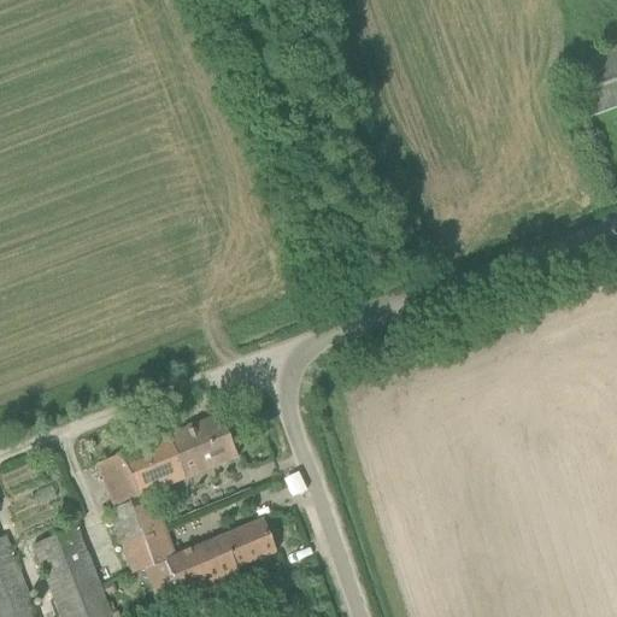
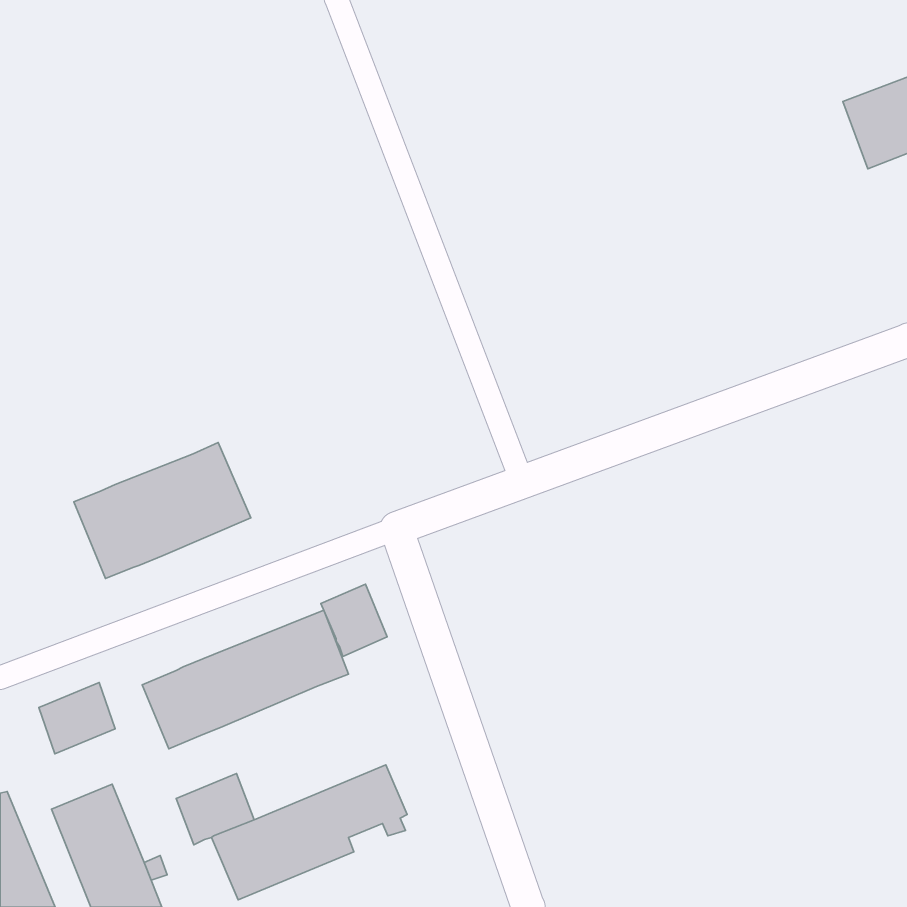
building: none -> [74,442,251,578]
building: none -> [321,584,387,656]
building: [110,493,161,541] -> [39,683,115,754]

